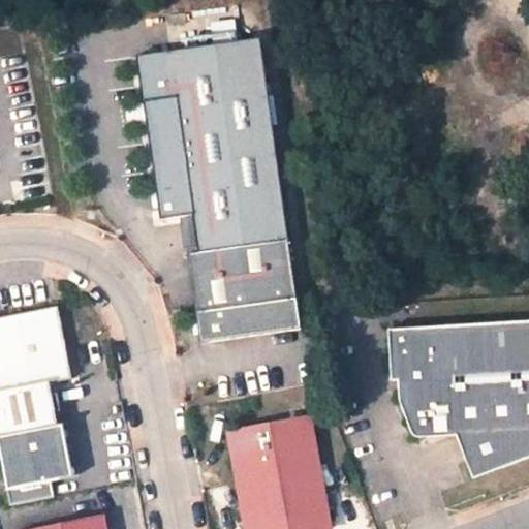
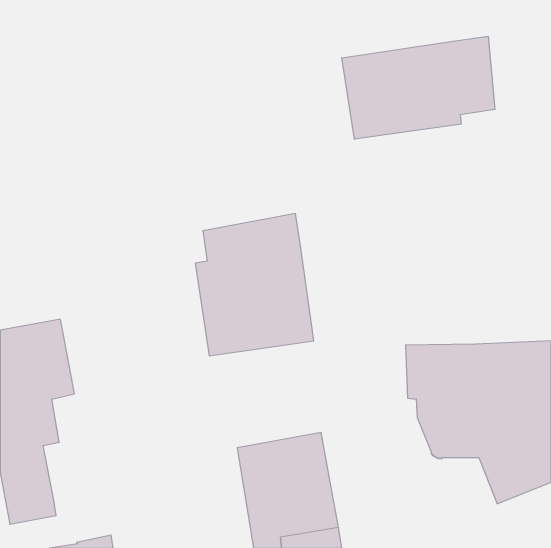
building: none -> [342,36,495,139]
building: [137,37,283,221] -> none
building: [41,423,72,479] -> none

